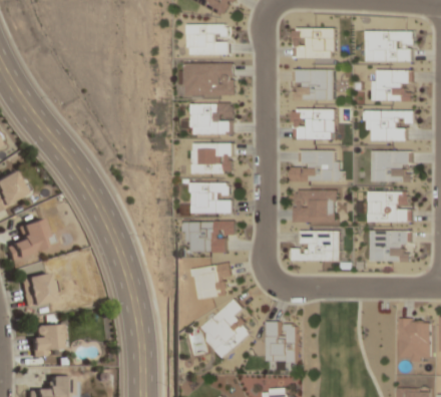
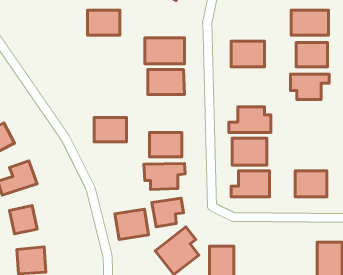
building: [187,24,228,55] -> [88,10,120,35]
building: [293,28,335,59] -> none
building: [293,108,335,140] -> none
building: [192,143,233,173] -> [94,118,127,142]
building: [373,150,412,182] -> none
building: [369,191,411,222] -> none
building: none -> [115,209,149,240]

